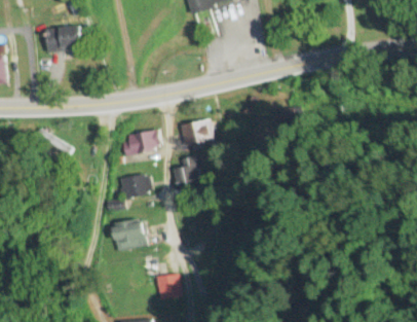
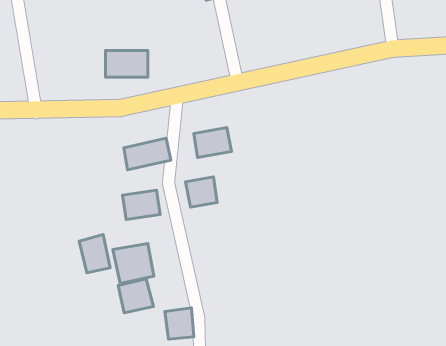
building: [46,27,82,49] -> [105,51,148,77]
building: none -> [79,234,110,273]
building: none -> [118,279,154,313]

